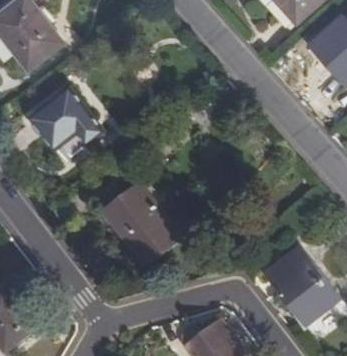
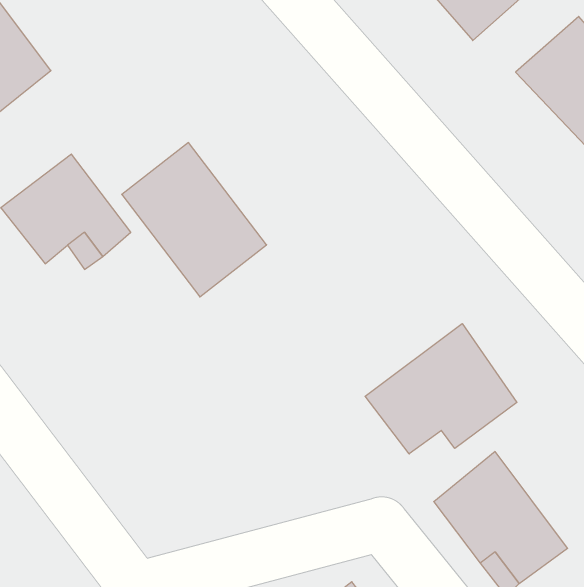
building: none -> [365,324,517,454]
building: [104,183,182,266] -> [122,143,267,297]

